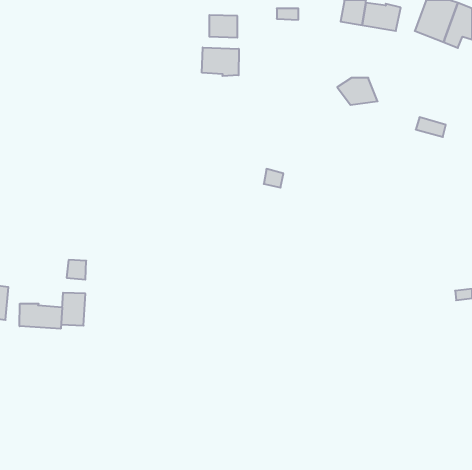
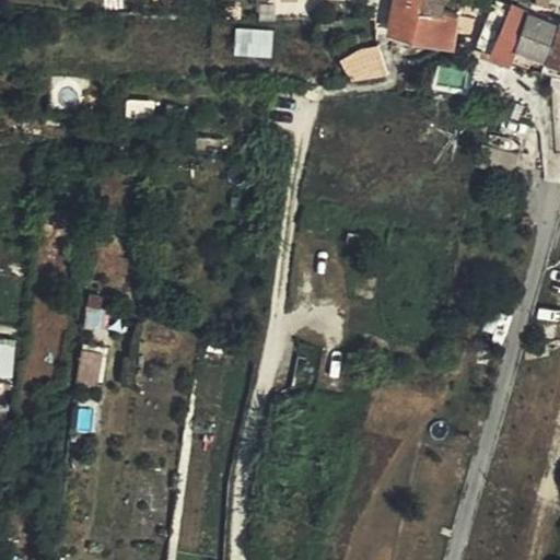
building: [202,47,239,76] -> none
building: [337,78,378,105] -> [347,49,394,81]
building: [20,304,62,329] -> none

